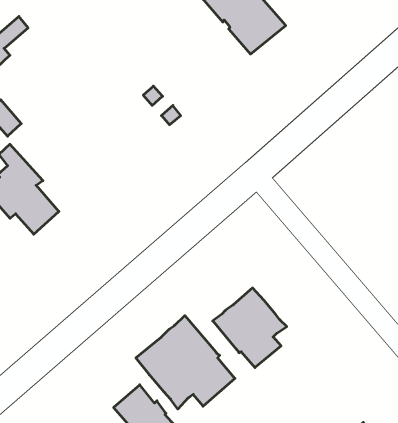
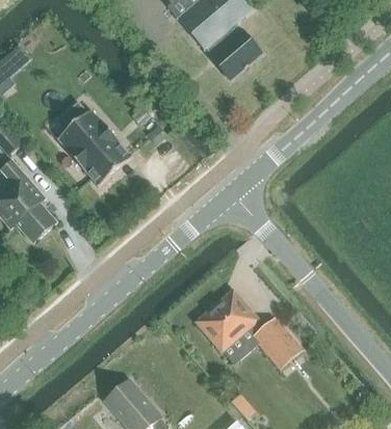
building: none -> [57,102,132,187]
building: [136,316,235,409] -> none
building: none -> [251,319,301,370]

